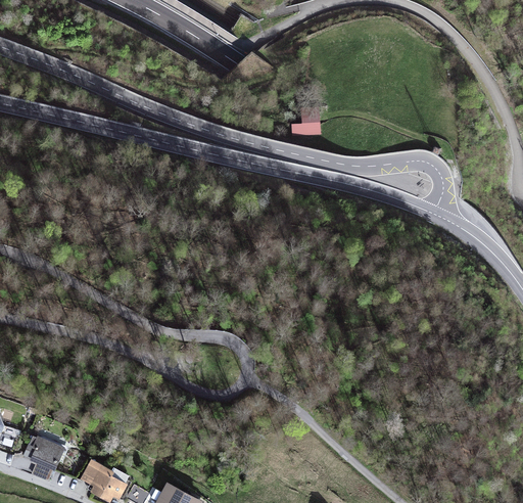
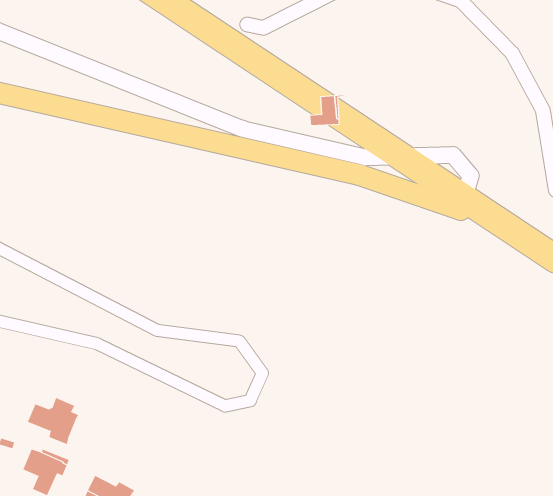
building: none -> [27,397,79,445]

